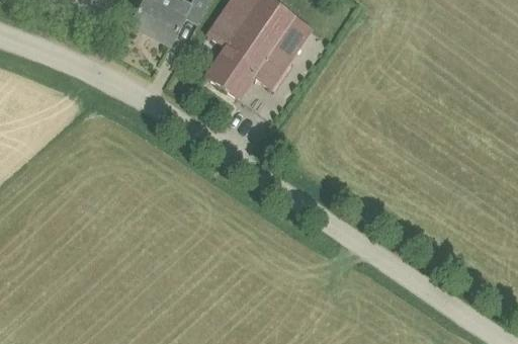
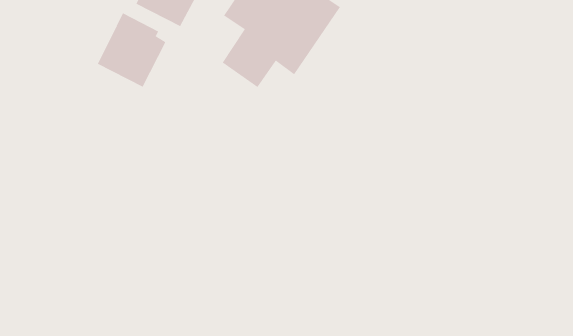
building: none -> [97,13,166,88]

